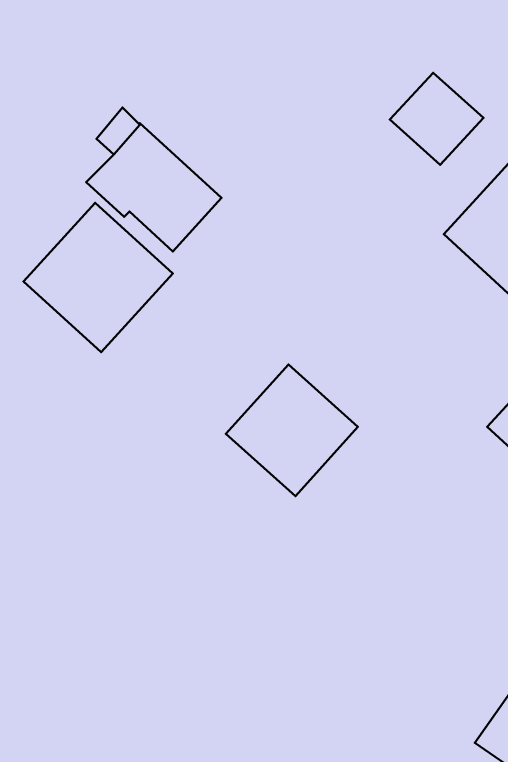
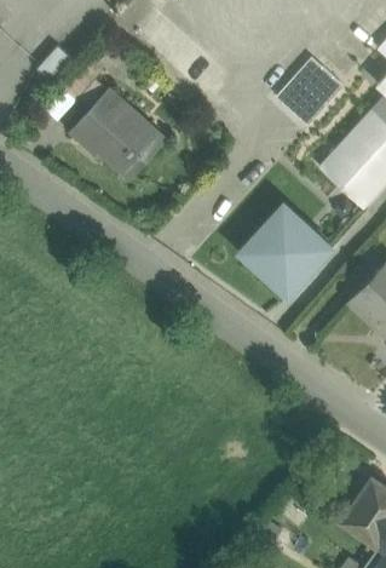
building: [23,203,173,352] -> none
building: [226,364,358,496] -> [241,205,333,297]

